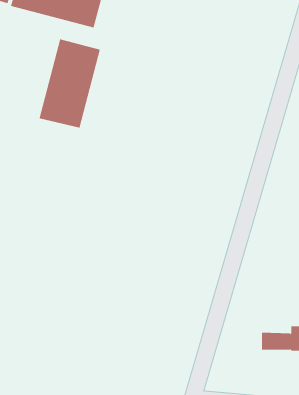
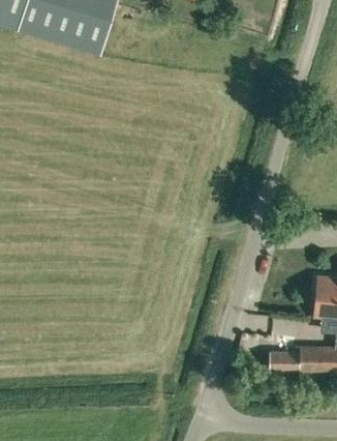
building: [39,39,100,128] -> none

